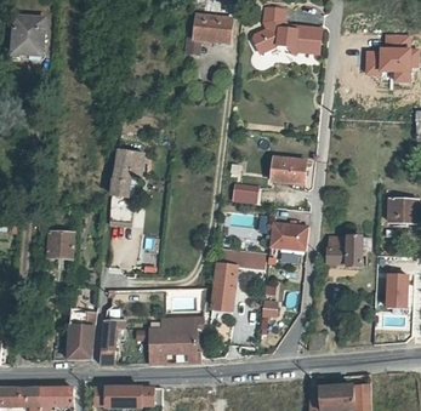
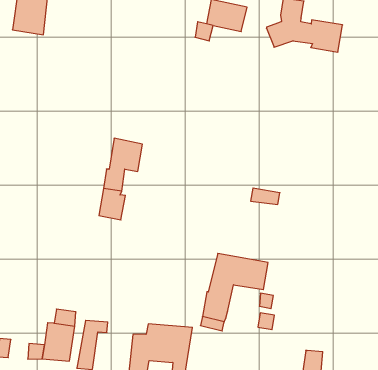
building: [269,156,305,183] -> none
building: [269,219,309,247] -> none
building: [47,229,73,257] -> none
building: [326,234,363,268] -> none

